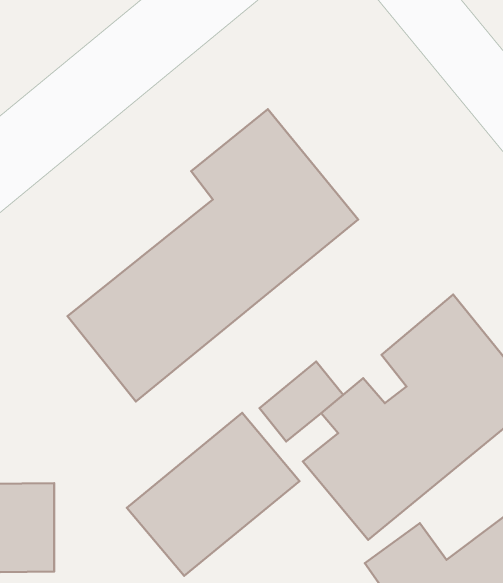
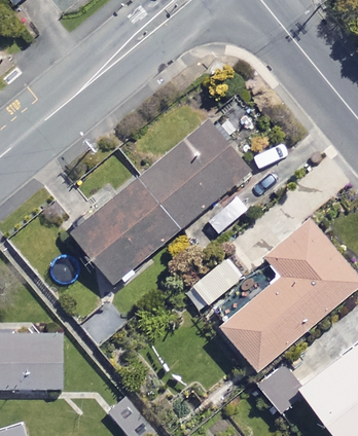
building: [127,413,299,576] -> none

